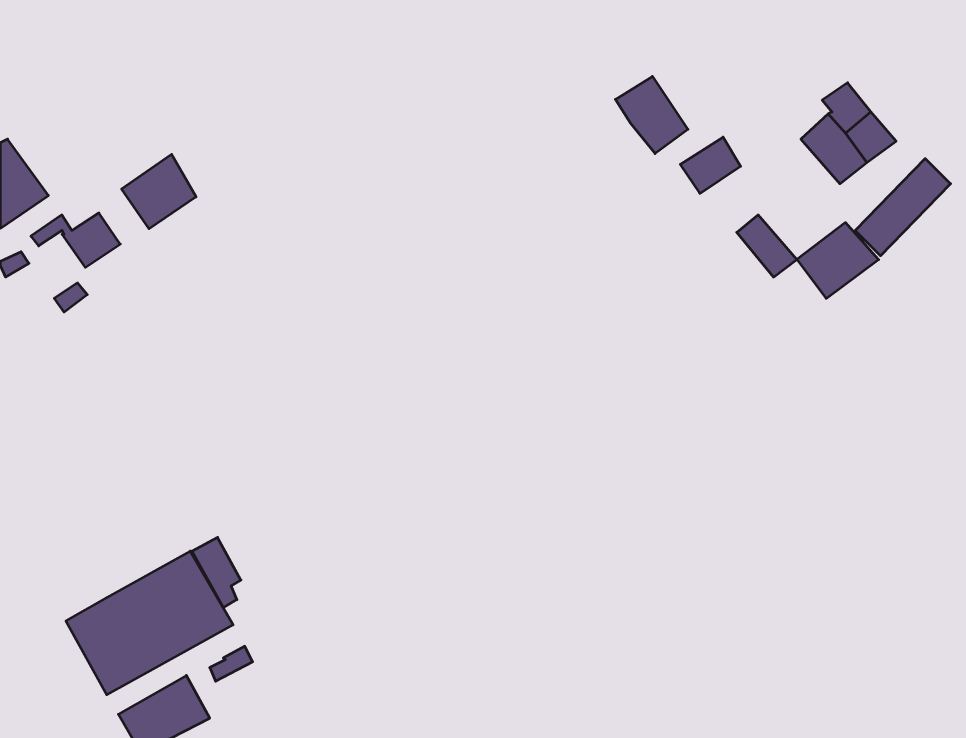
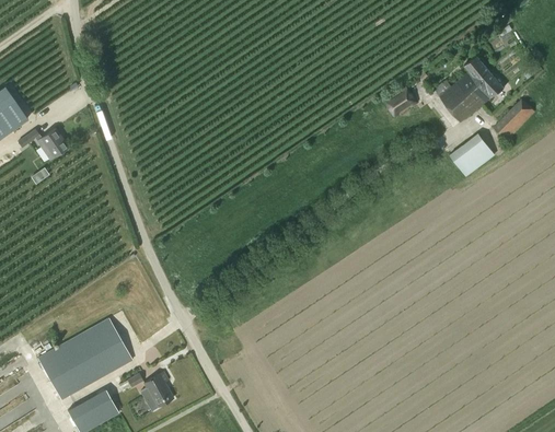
building: [615,76,688,154] -> none
building: [122,154,196,229] -> none
building: [737,215,797,277] -> [439,86,473,121]
building: none -> [140,372,173,410]

